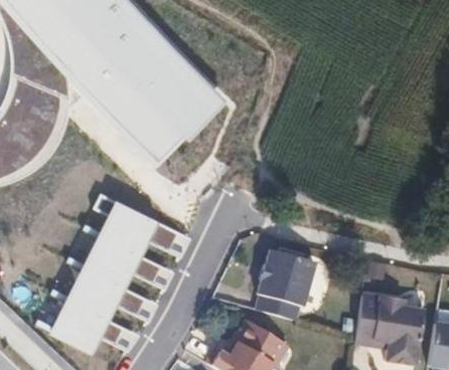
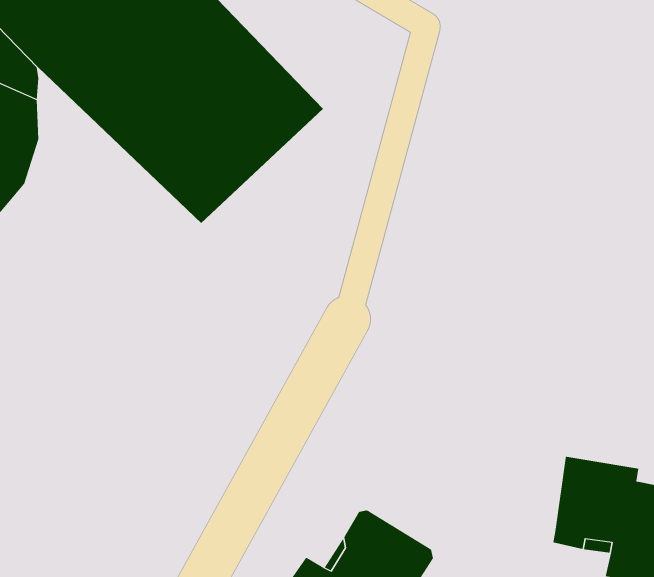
building: [52,196,155,353] -> none
building: [253,246,312,317] -> none

